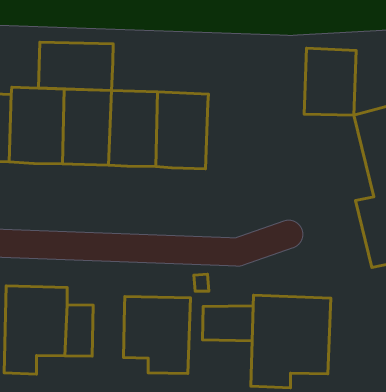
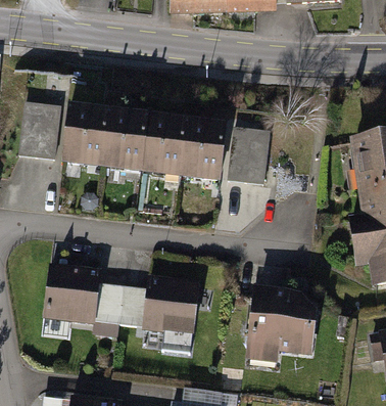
building: [39,42,113,91] -> none
building: [304,48,356,115] -> [222,126,269,184]
building: none -> [116,285,146,330]
building: [203,306,253,341] -> none

